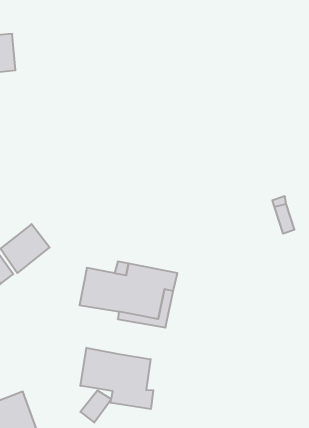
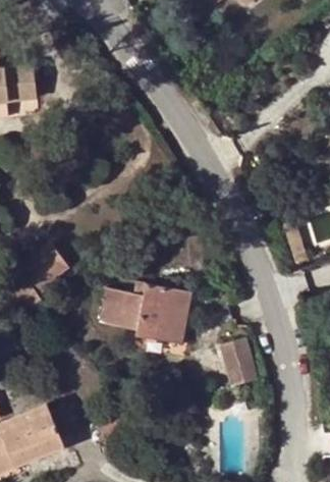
building: none -> [219,337,258,386]
building: [80,348,153,409] -> none

